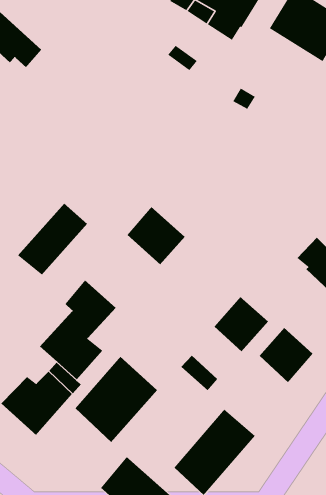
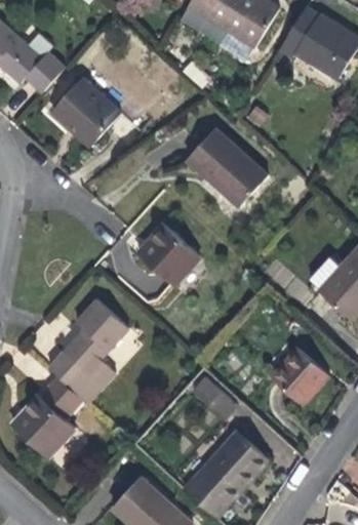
building: none -> [53,79,120,145]
building: none -> [186,128,267,207]
building: [17,203,88,275] -> none
building: [214,296,269,352] -> none
building: [74,356,158,443] -> none

